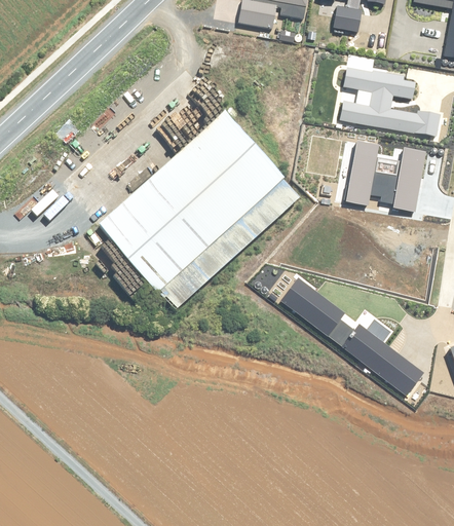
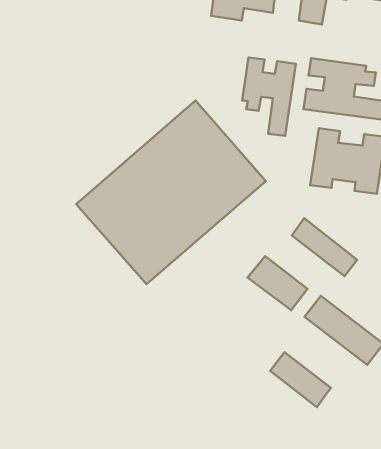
building: none -> [242,58,296,136]
building: none -> [292,218,357,276]
building: none -> [270,352,331,407]

